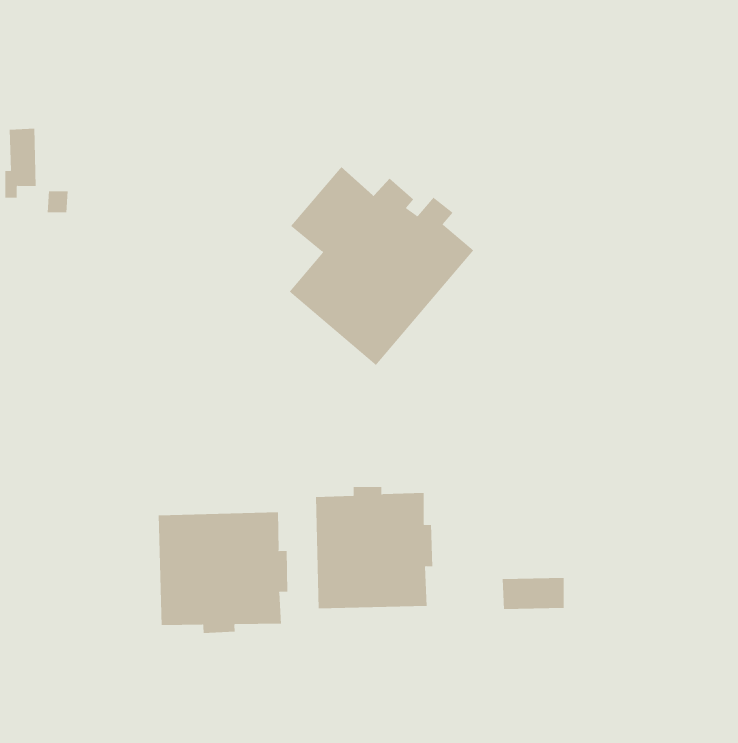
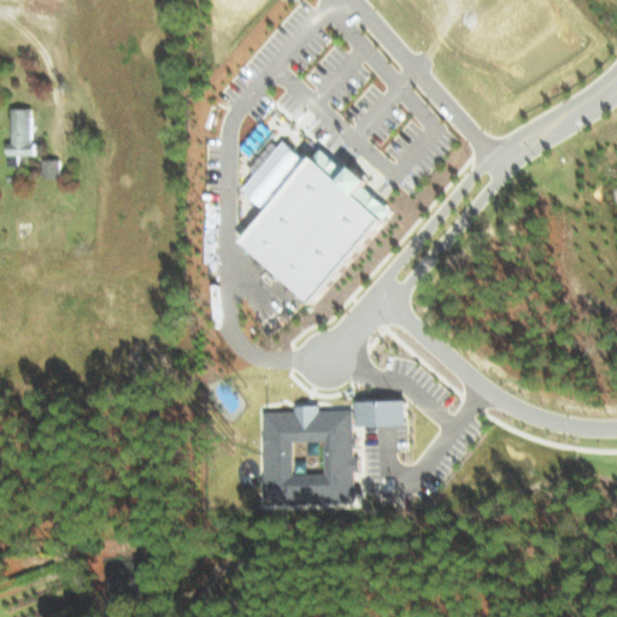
building: [158,512,288,634] -> none
building: [502,578,564,610] -> [354,399,406,425]

